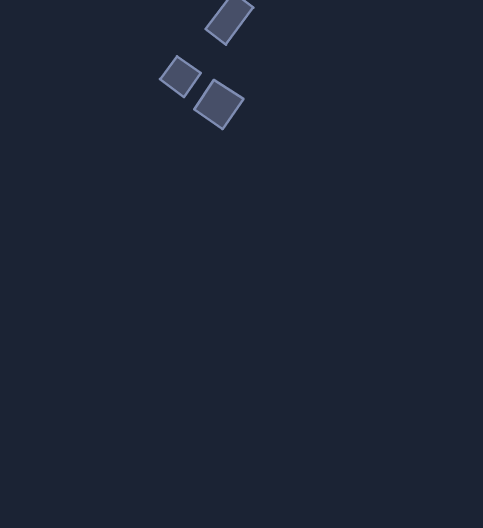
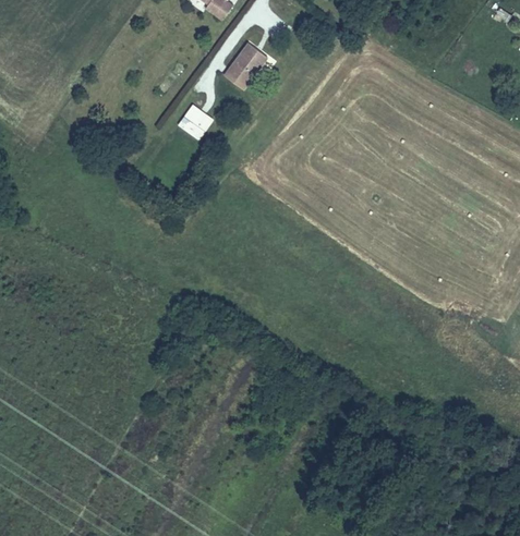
building: [194,80,243,129] -> none

